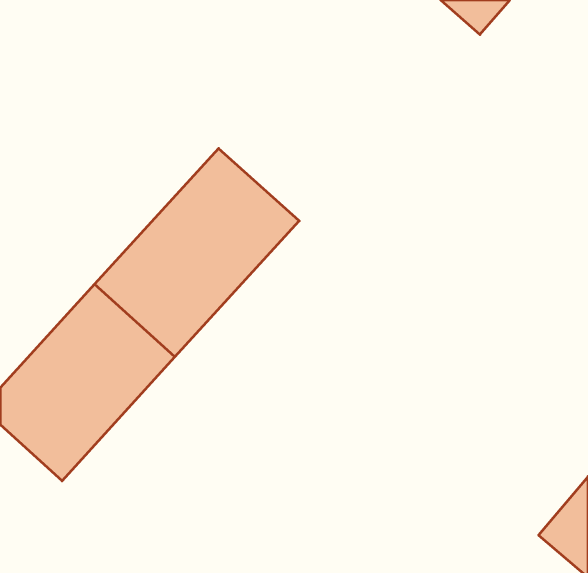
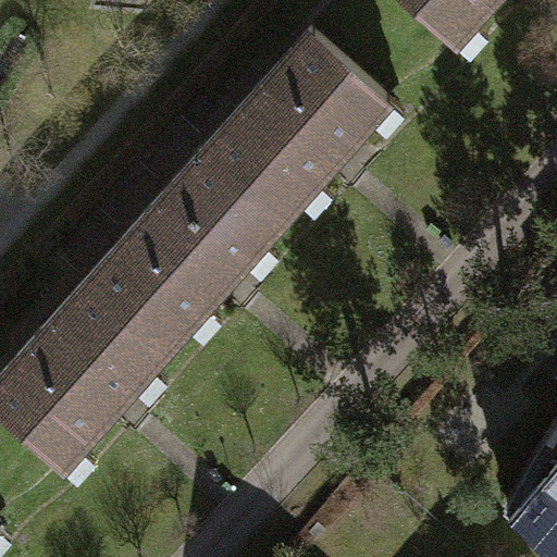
building: none -> [207,38,387,223]

